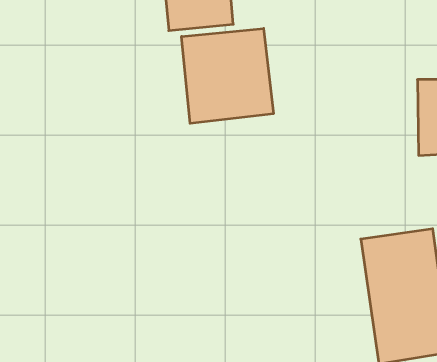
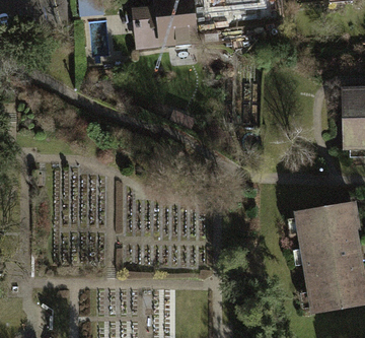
building: [182,28,273,123] -> none

